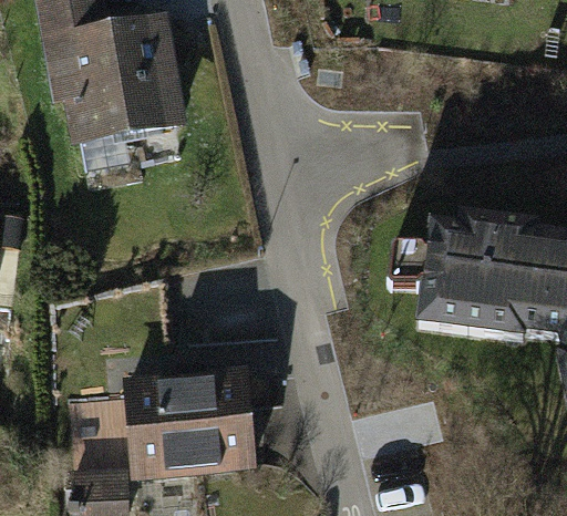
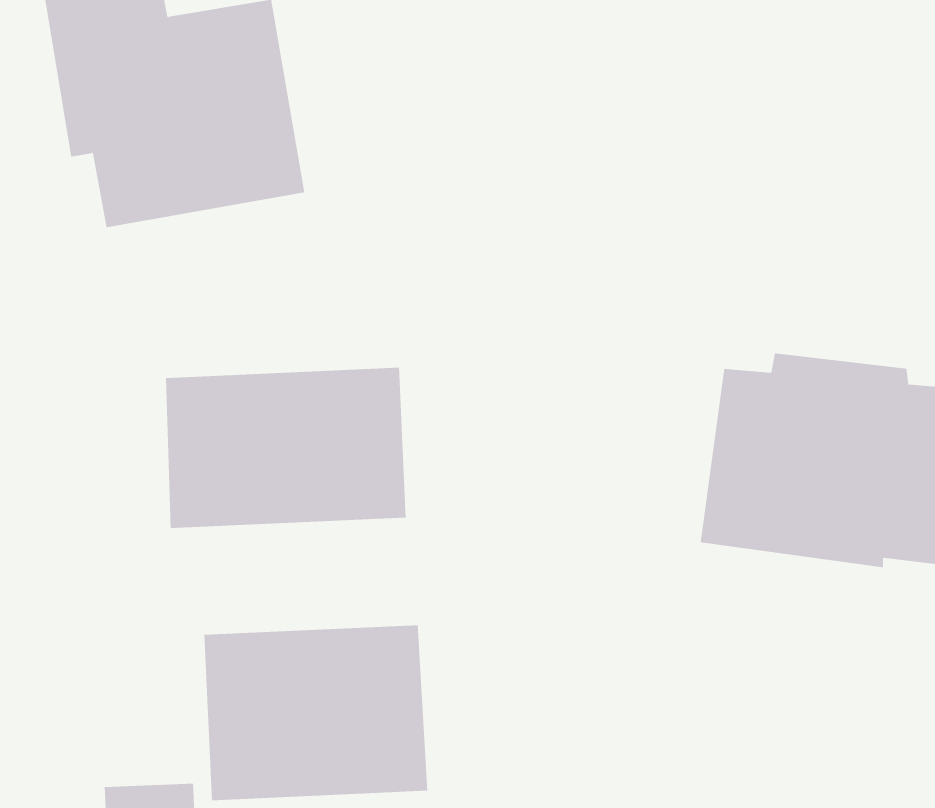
building: none -> [166,367,406,529]

